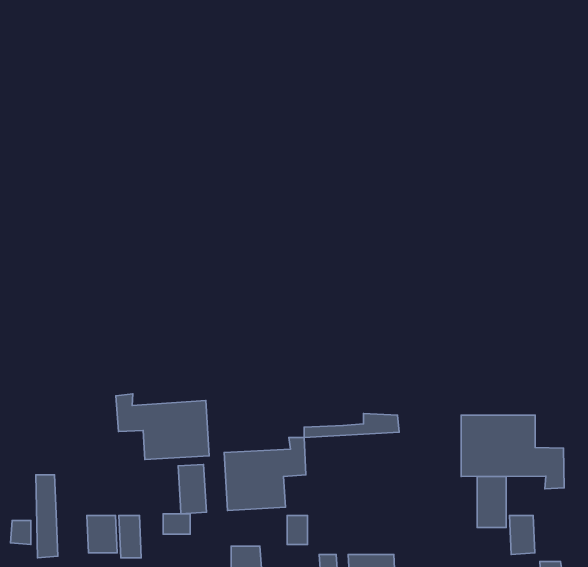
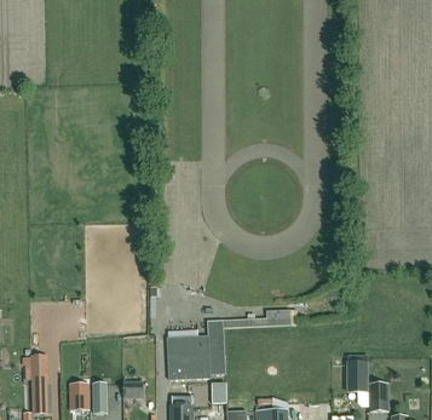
building: [116,394,209,460] -> none
building: [461,415,564,489] -> none
building: [178,464,206,514] -> none

